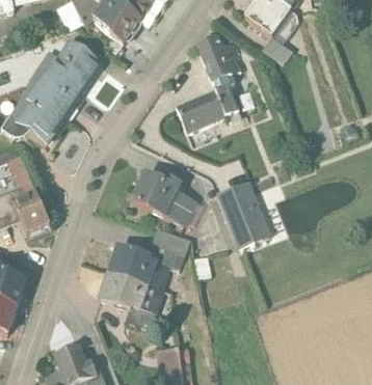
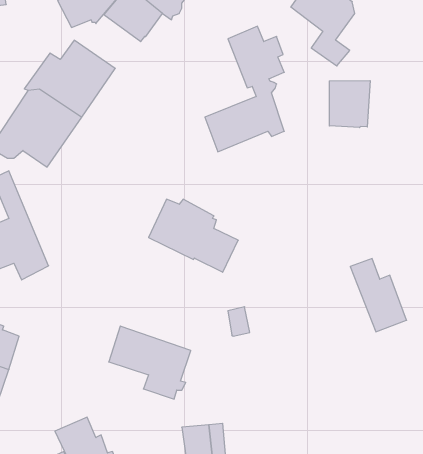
building: none -> [329,81,370,128]
building: [216,188,262,247] -> [350,259,407,332]
building: [107,229,189,291] -> none

